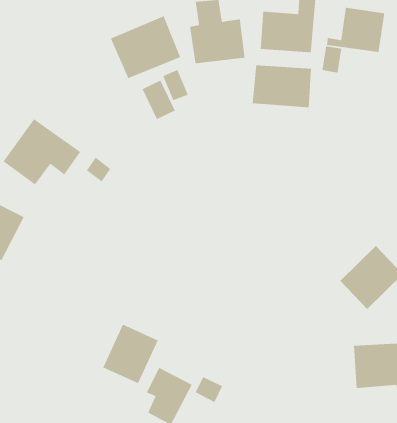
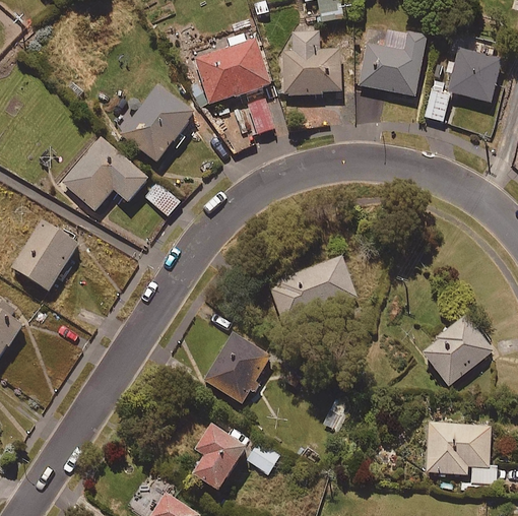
building: [252,64,312,108] -> none
building: none -> [119,82,194,162]
building: none -> [267,255,358,324]
building: [102,324,159,384] -> [204,332,270,401]

